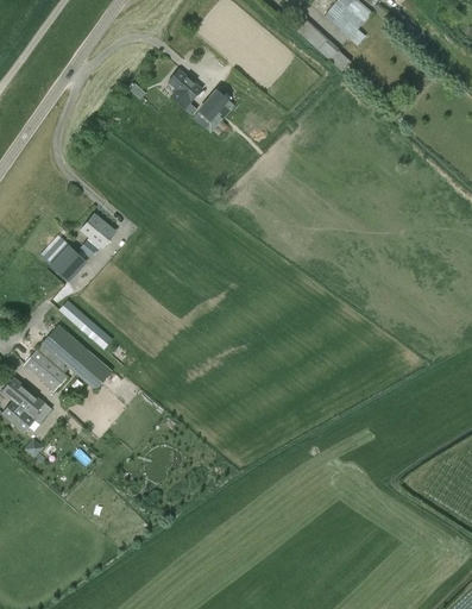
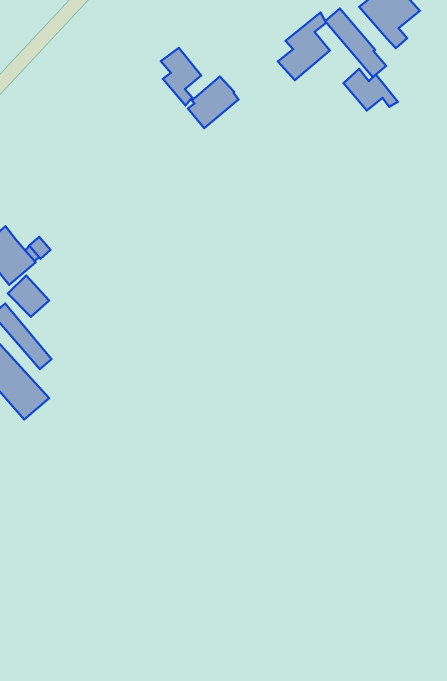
building: none -> [278,13,330,80]
building: none -> [343,69,398,111]
building: [81,214,115,247] -> [8,276,49,317]

